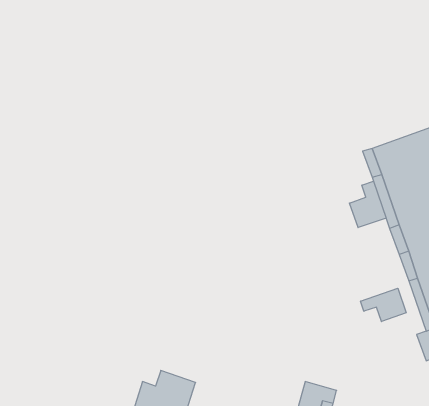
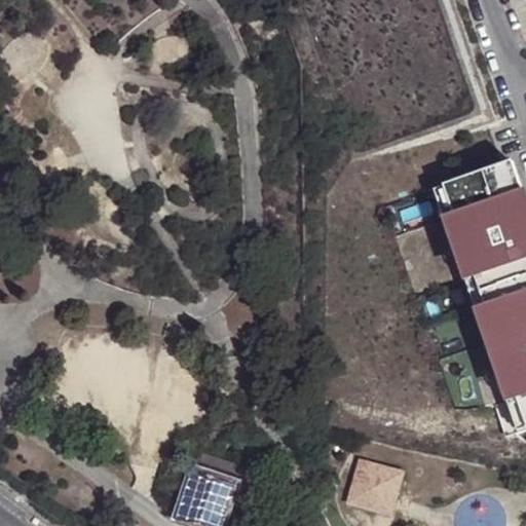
building: [349,181,386,228] -> none
building: [361,288,406,322] -> none

